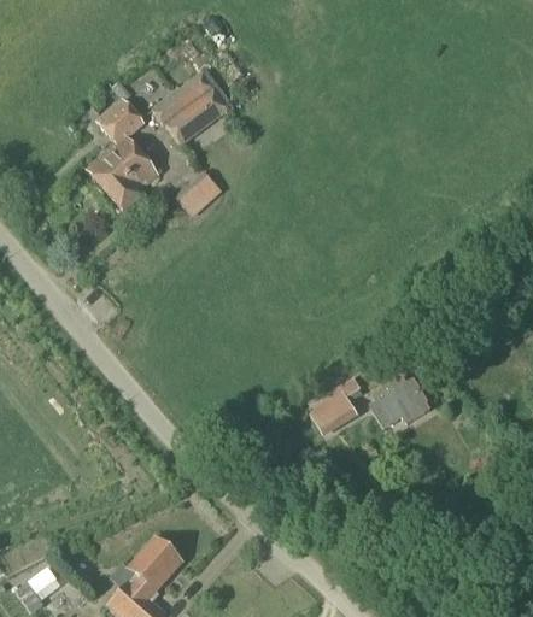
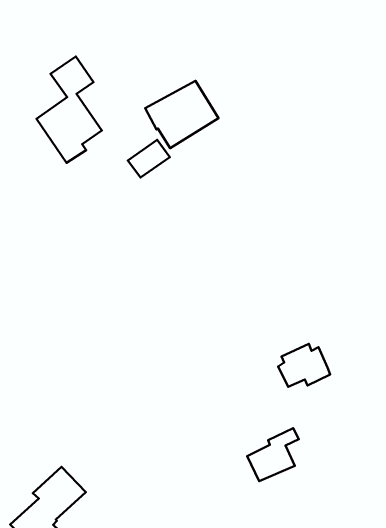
building: [151,70,230,145] -> [145,81,219,148]
building: [310,375,363,435] -> [247,428,299,481]

